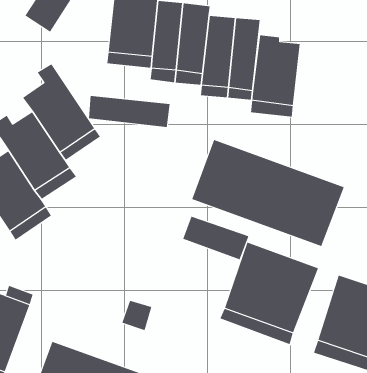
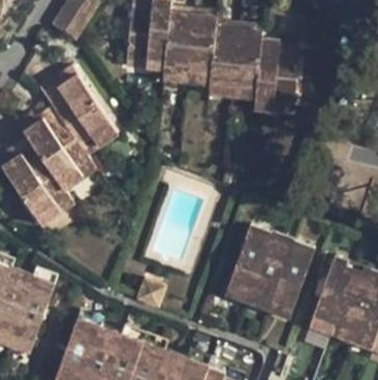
building: [89,95,170,128] -> none
building: [192,139,345,247] -> none
building: [182,216,249,260] -> none

